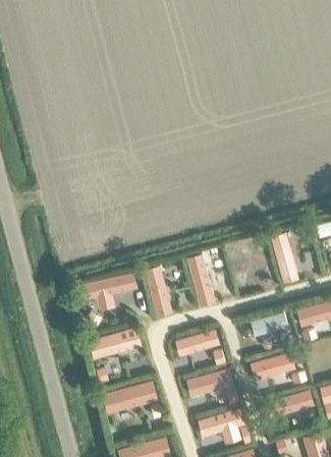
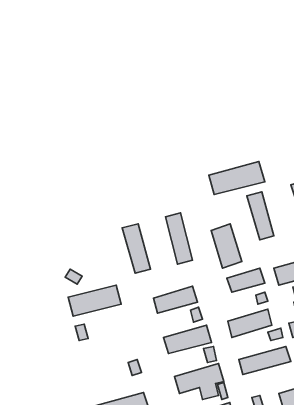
building: none -> [209,162,265,194]
building: none -> [211,224,242,268]
building: [79,272,137,300] -> none
building: [103,381,158,413] -> none

